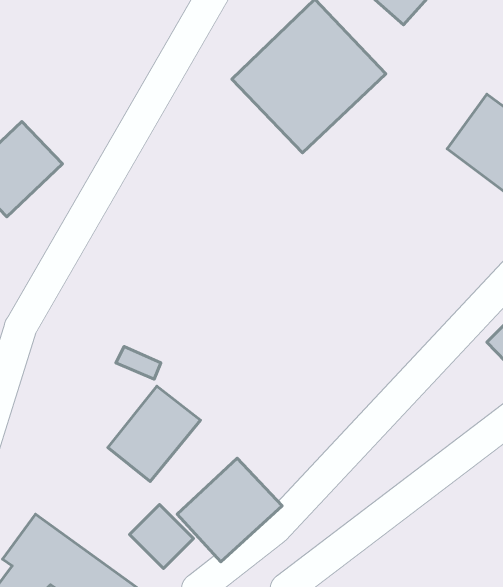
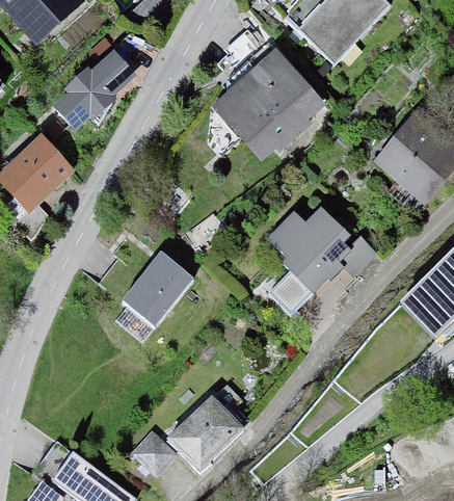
building: none -> [60,50,134,125]
building: none -> [258,207,353,316]
building: [108,386,200,482] -> [129,254,199,326]

